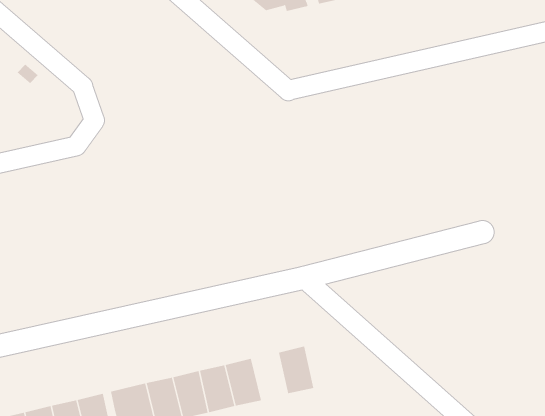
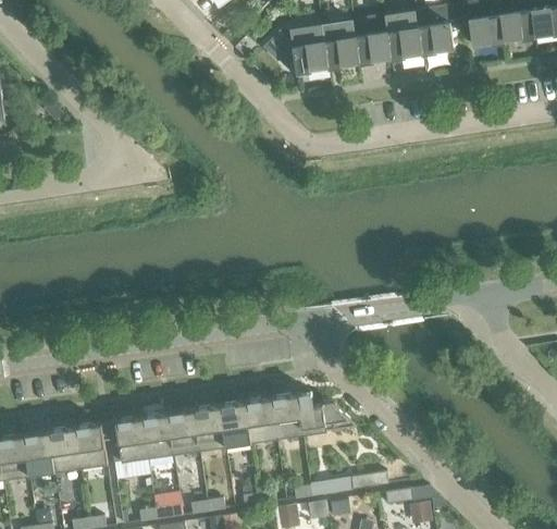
building: none -> [298,392,356,435]
building: none -> [246,398,277,443]

